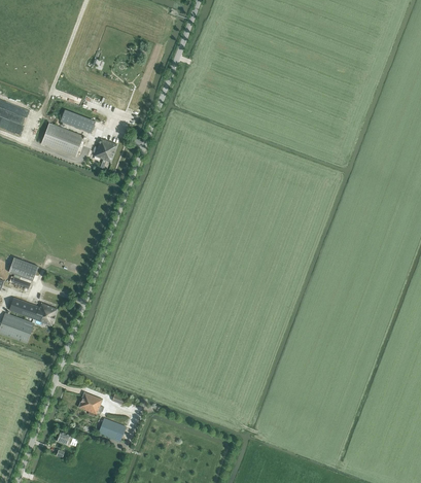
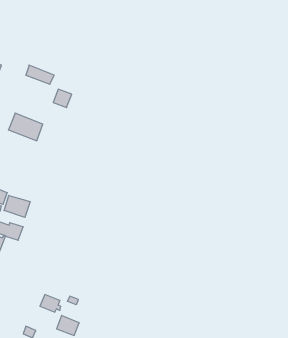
building: [40,123,82,157] -> [8,113,43,141]
building: none -> [4,195,30,217]

